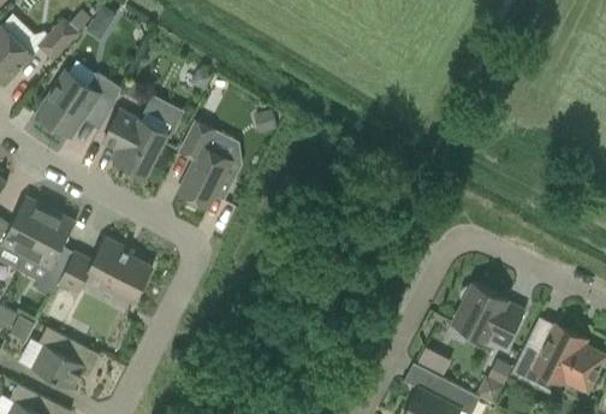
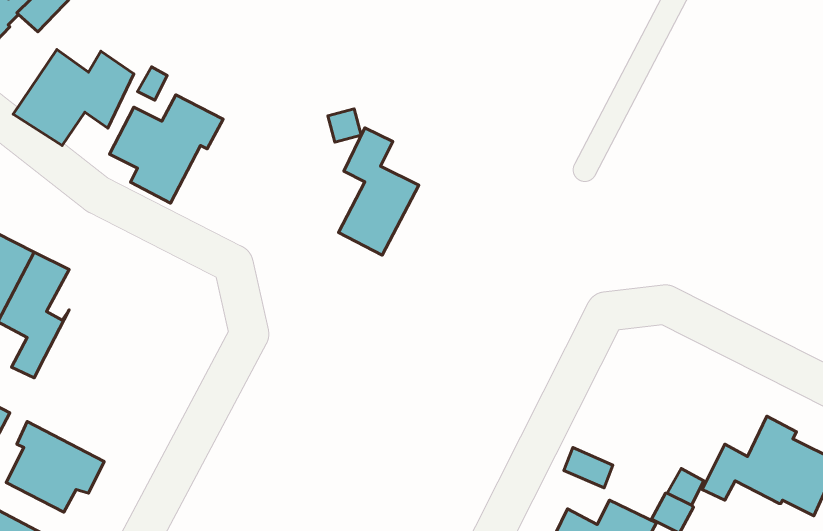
building: [177,122,232,209] -> [338,128,419,255]
building: [58,239,152,303] -> none
building: [452,283,523,348] -> none

